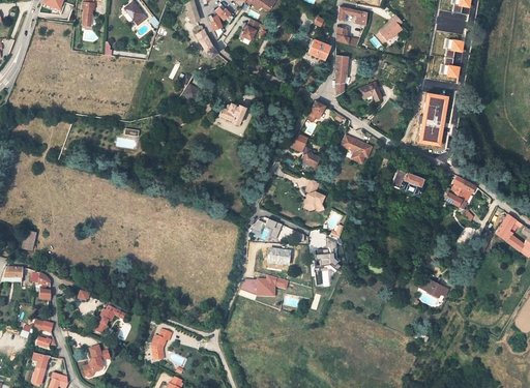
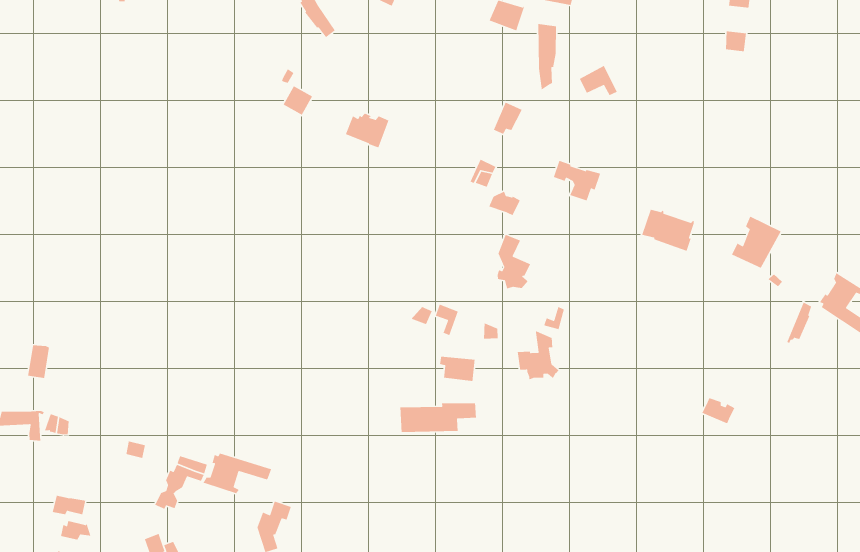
building: [418,93,449,147] -> none
building: none -> [202,453,272,494]

